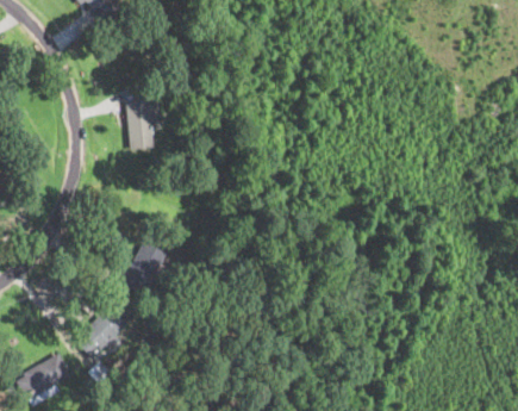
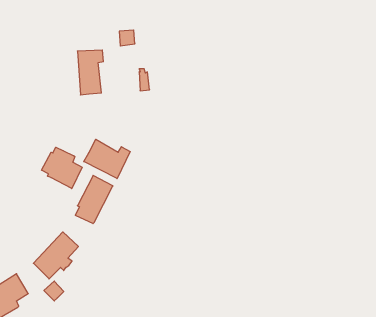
building: none -> [84,139,130,179]
building: none -> [42,147,82,189]

